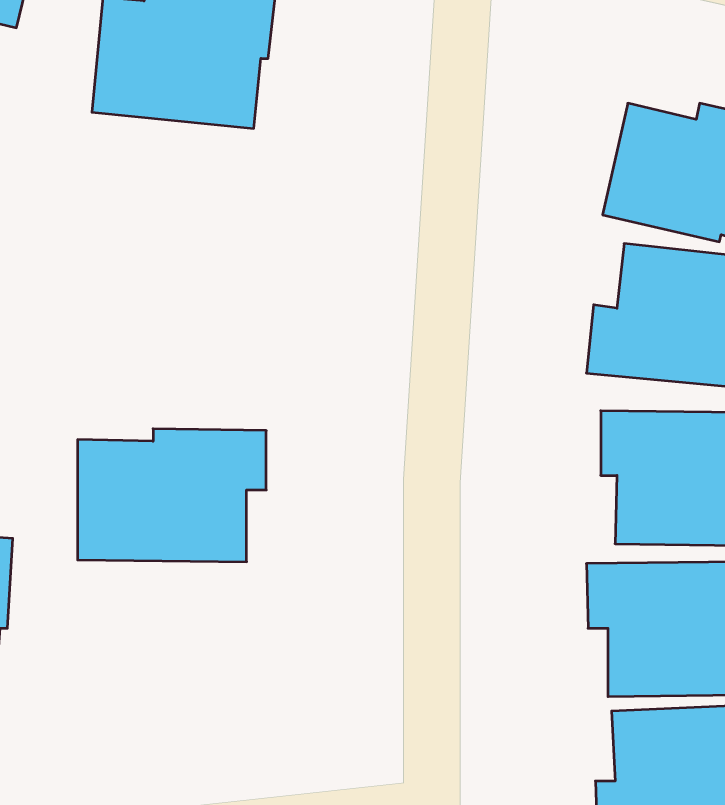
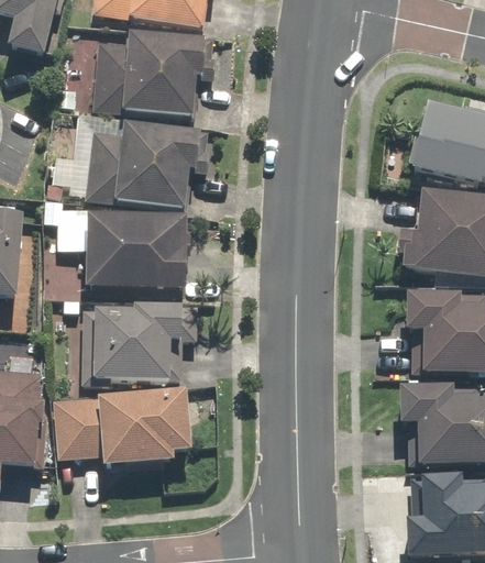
building: none -> [54,111,211,209]
building: none -> [60,205,186,289]
building: none -> [53,386,190,467]

